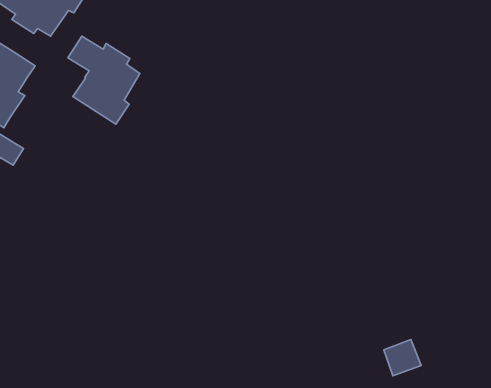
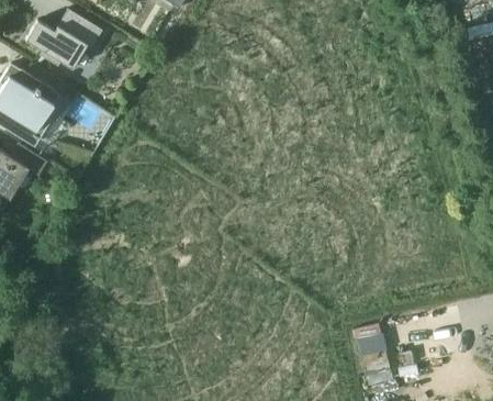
building: [68,36,140,124] -> none

